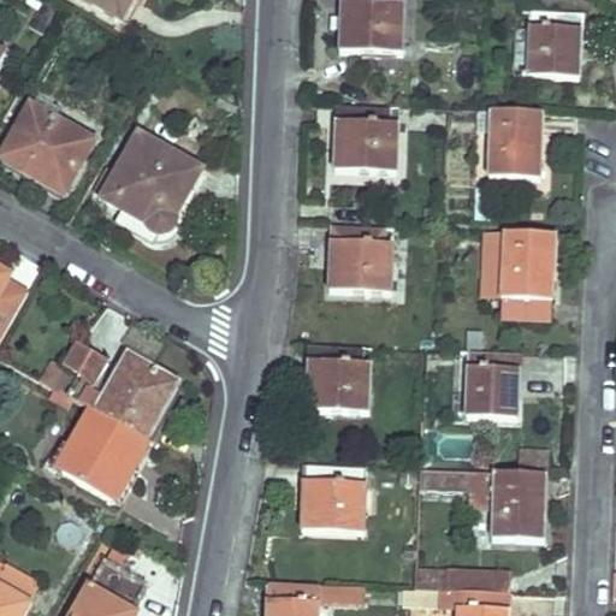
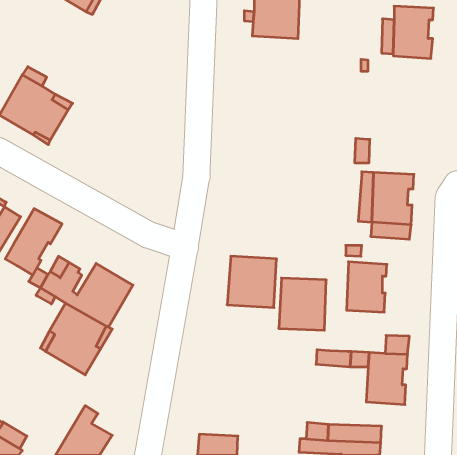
building: [333,102,397,172] -> none
building: [485,109,540,179] -> none
building: [95,132,202,232] -> none
building: [327,223,393,294] -> none
building: none -> [5,209,62,275]
building: [301,463,365,533] -> [279,278,326,330]

